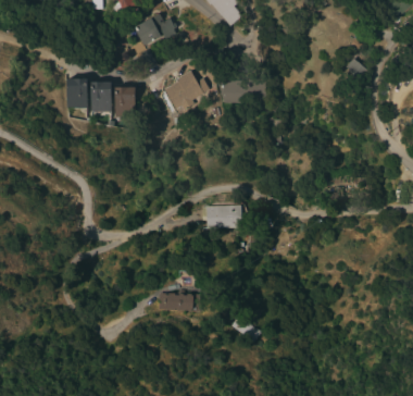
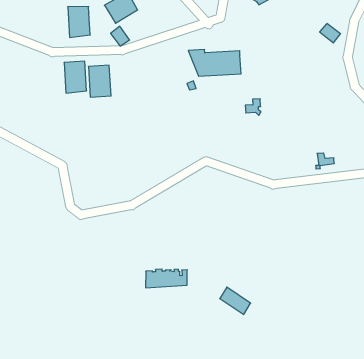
building: [164,70,209,109] -> none
building: [66,77,87,108] -> [68,7,90,37]
building: [202,205,241,227] -> none

